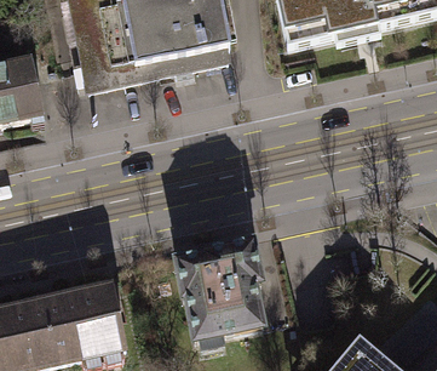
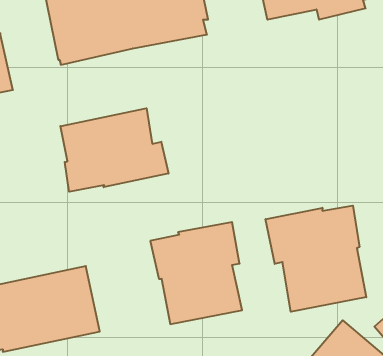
building: none -> [60,108,168,192]
building: none -> [266,206,366,312]

